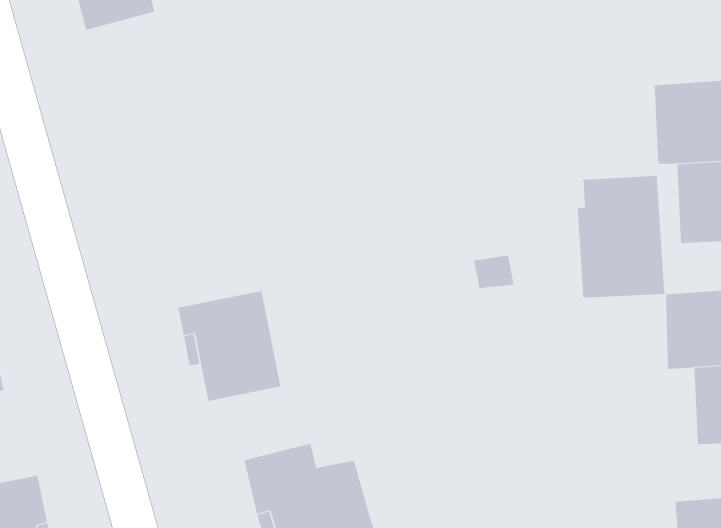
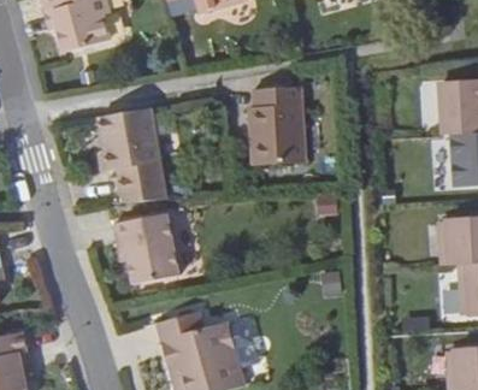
building: none -> [95,106,160,202]
building: [577,176,665,298] -> [252,87,308,165]

